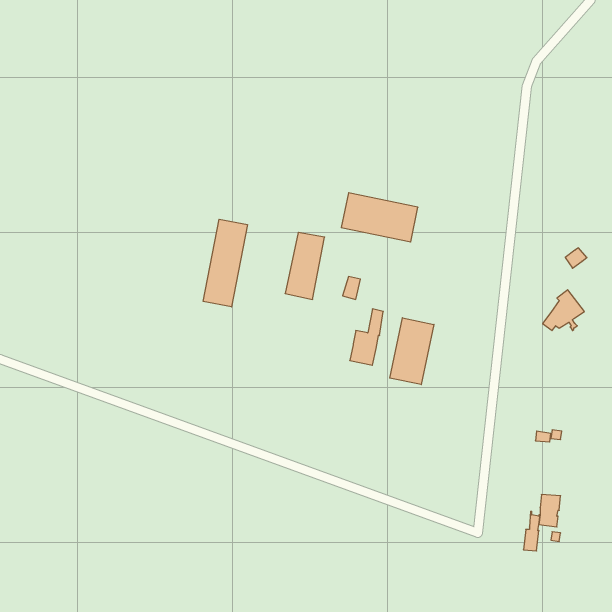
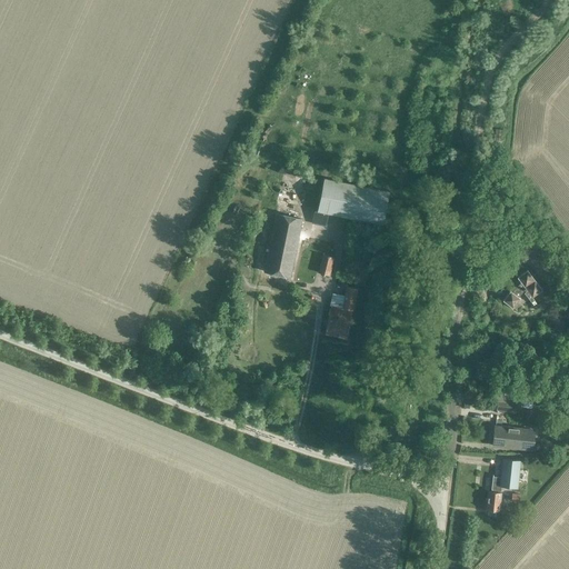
building: [203,219,247,307] -> none
building: [390,318,434,385] -> none
building: none -> [493,425,535,448]

